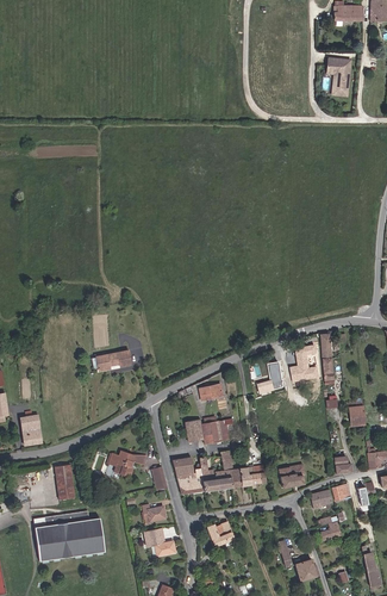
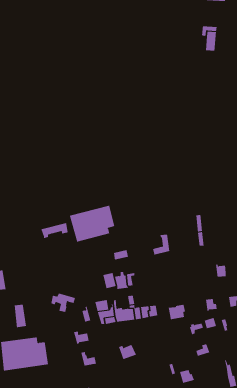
building: none -> [69,205,115,242]
building: [289,344,318,380] -> none

